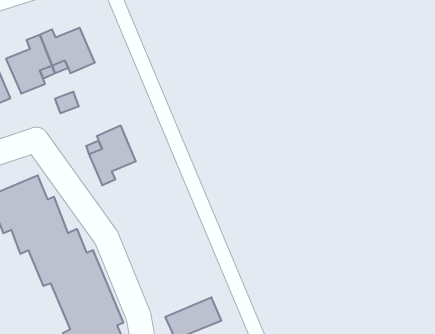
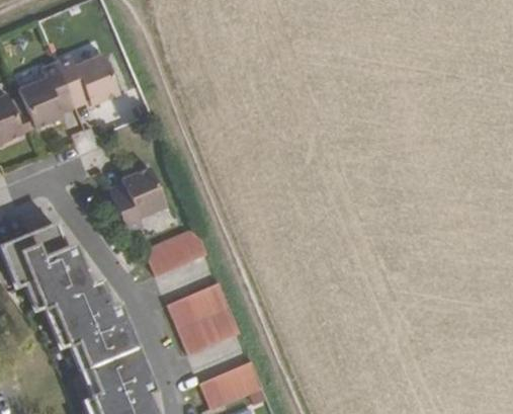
building: none -> [145,228,208,276]
building: none -> [168,282,242,355]

